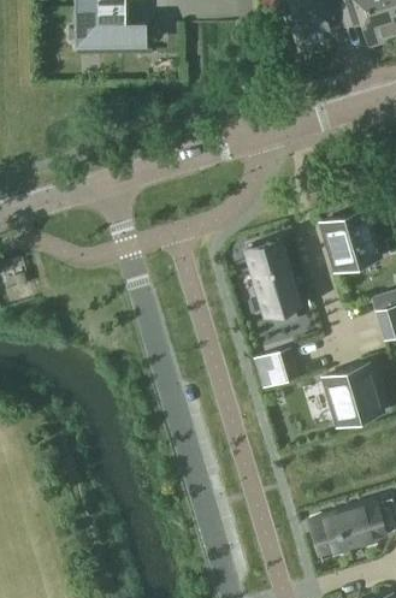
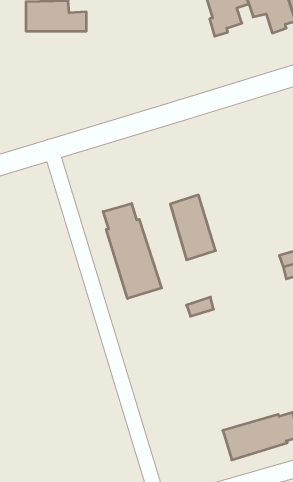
building: [319,209,382,272] -> none
building: none -> [103,203,162,299]
building: [321,365,384,427] -> none

